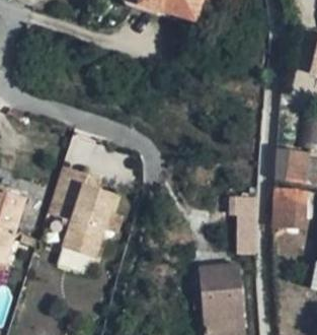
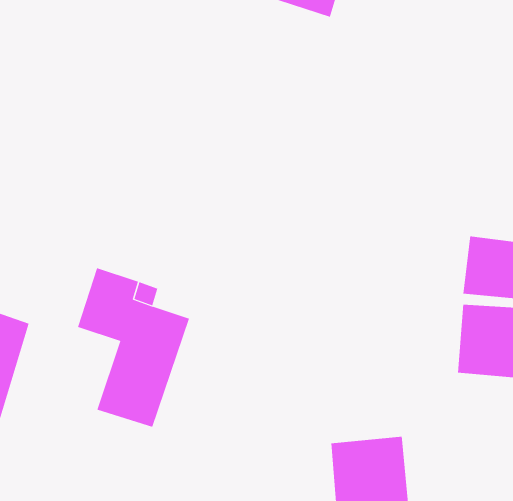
building: [227,196,256,257] -> none

